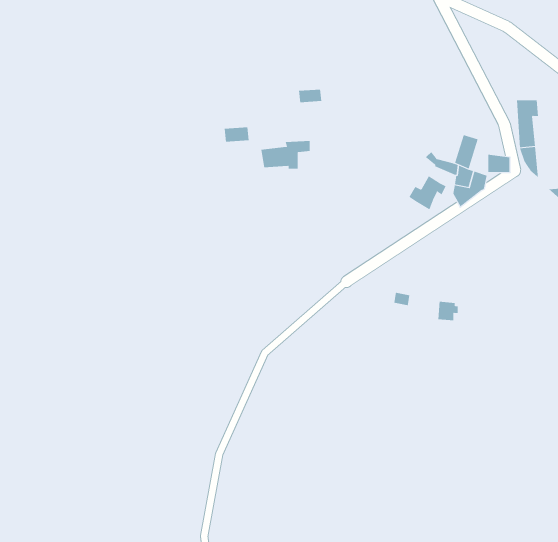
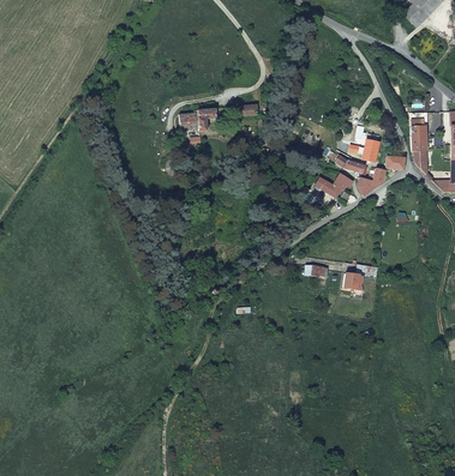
building: [261,140,311,169] -> [176,107,216,129]

